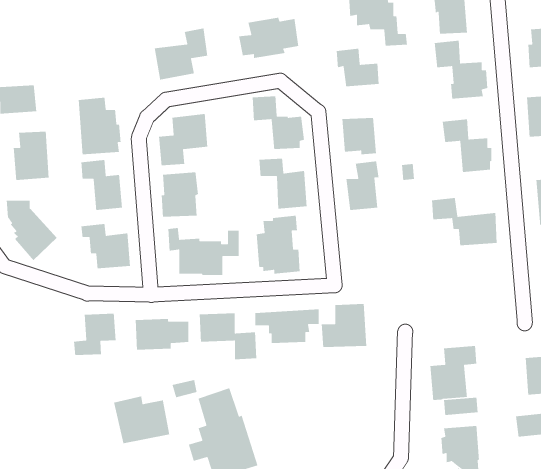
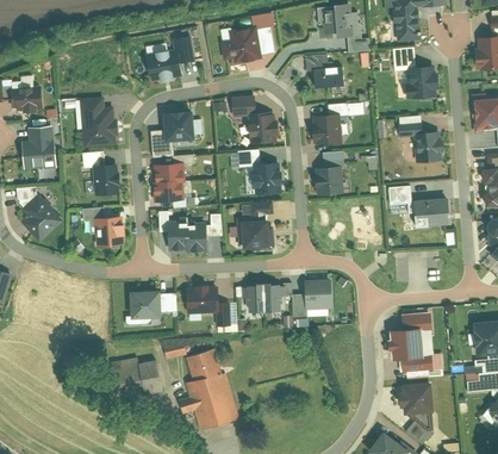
building: [73,313,116,356] -> none

